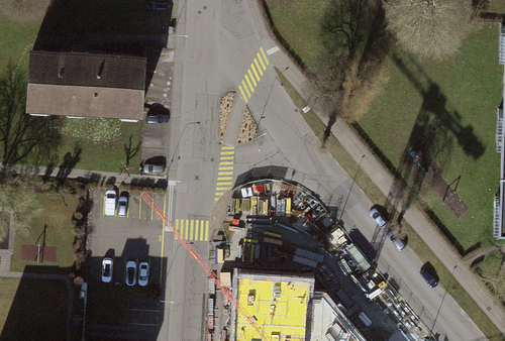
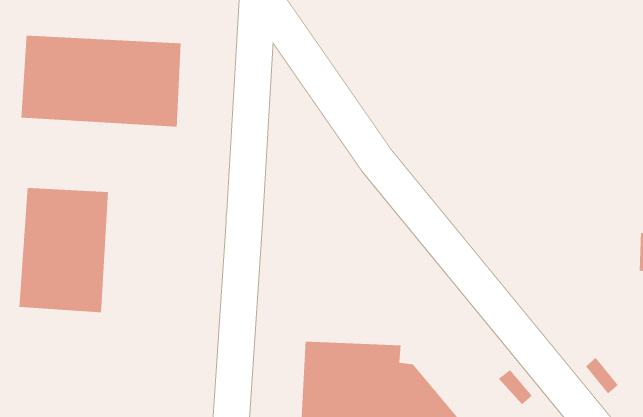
building: none -> [18,187,109,313]

